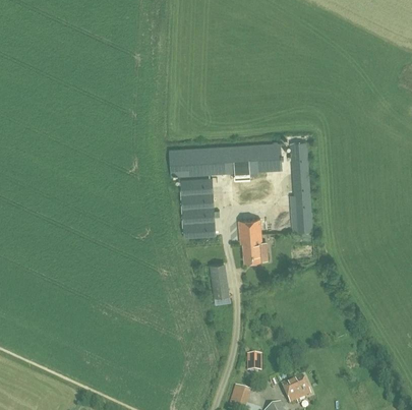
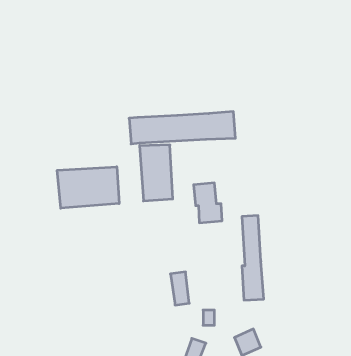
building: [290,142,313,233] -> [242,216,264,300]
building: none -> [57,167,119,208]
building: [210,263,230,299] -> [170,272,189,305]

